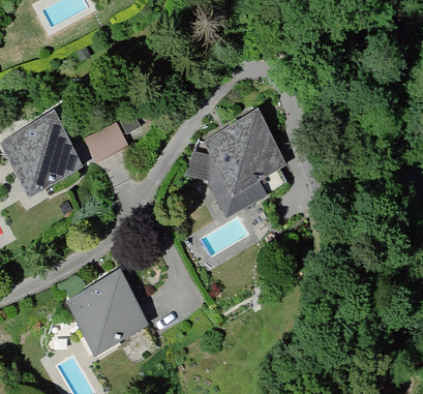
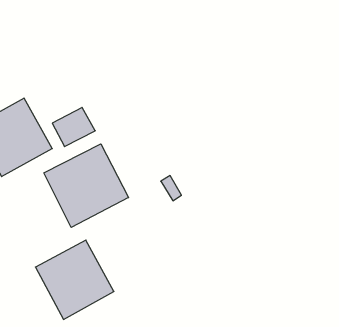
building: [200,109,289,196] -> none
building: none -> [44,144,129,227]

